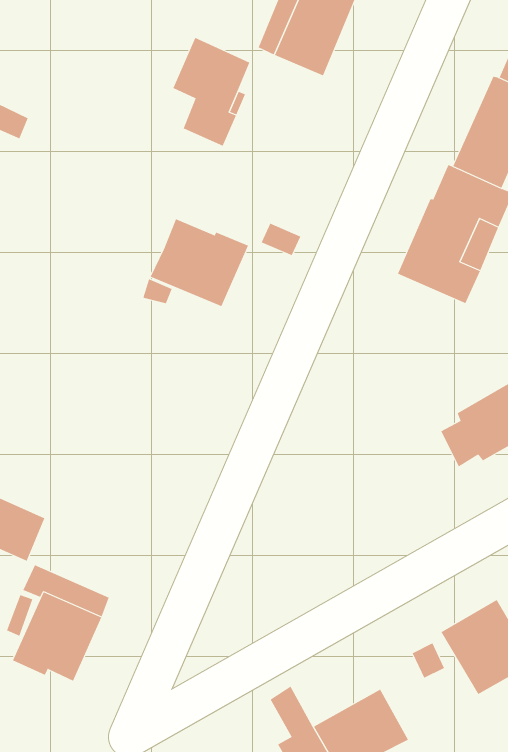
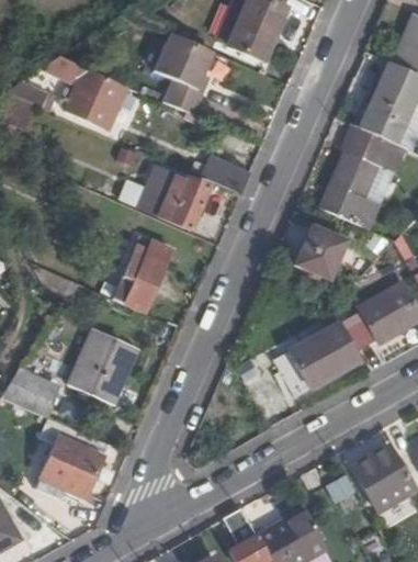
building: none -> [39,56,128,131]
building: none -> [295,226,346,279]
building: none -> [111,235,170,312]
building: none -> [278,323,363,396]
building: none -> [69,329,136,403]

